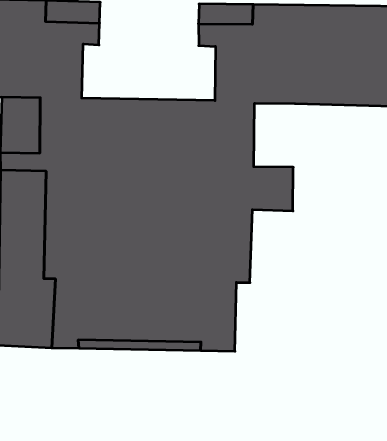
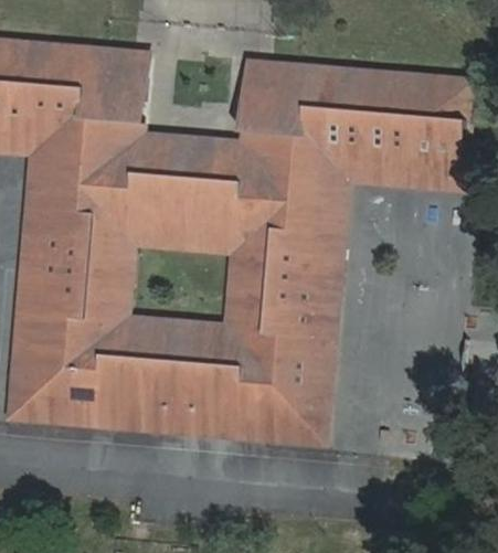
building: none -> [116,99,262,169]
building: none -> [294,174,342,245]
building: none -> [261,287,332,442]

